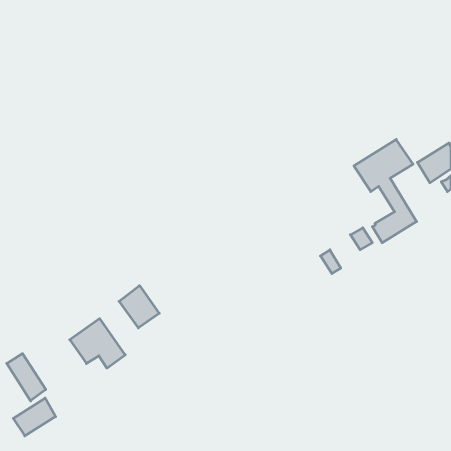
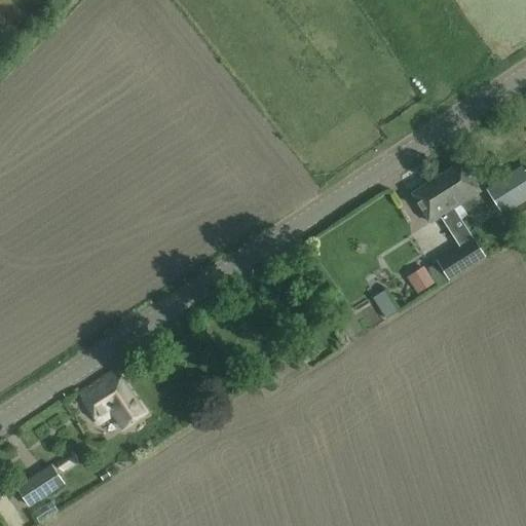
building: [119,286,159,328] -> none
building: [7,354,46,401] -> none

